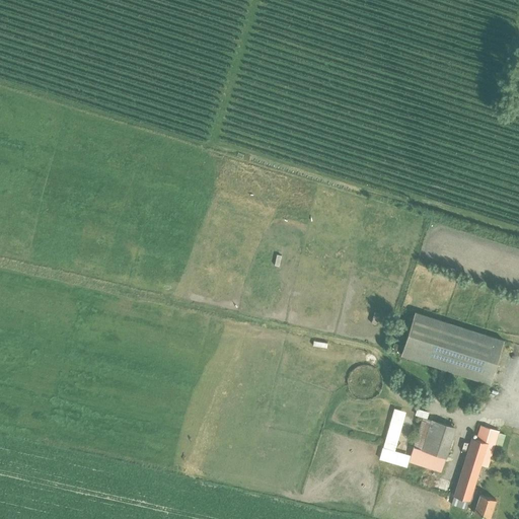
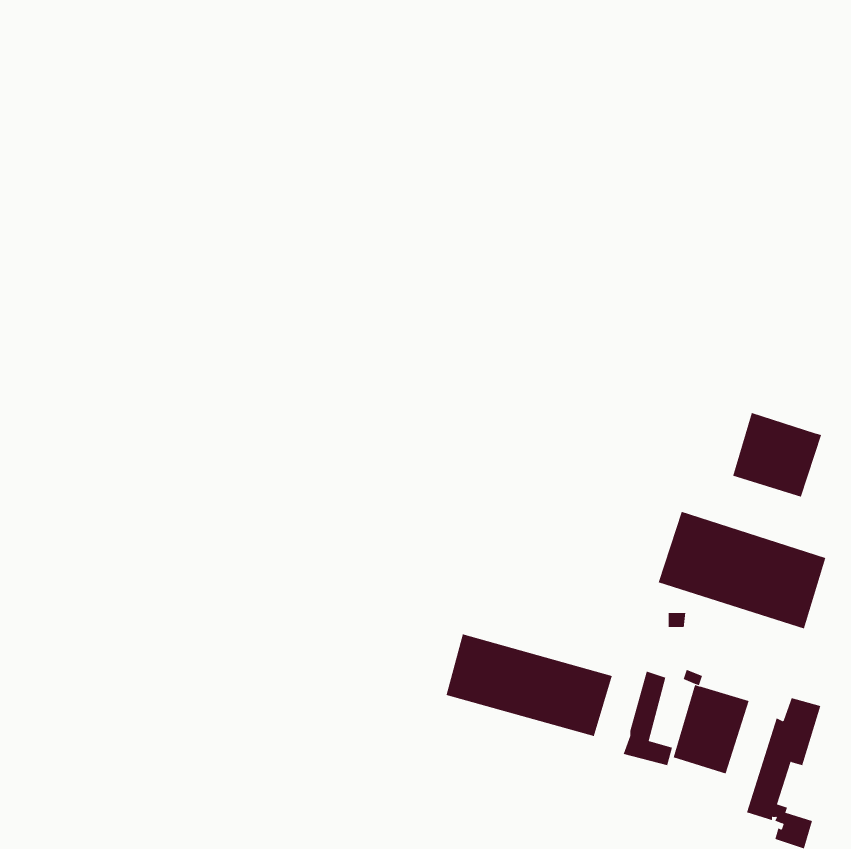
building: none -> [733,412,822,498]
building: none -> [446,633,612,737]

